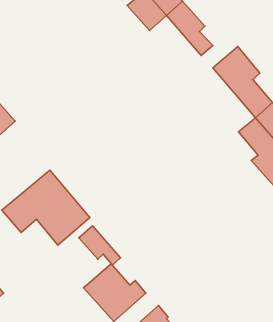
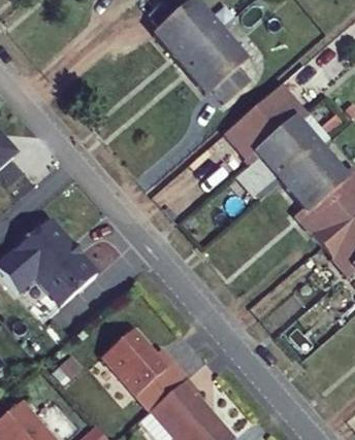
building: none -> [175,42,235,99]
building: none -> [221,103,298,177]
building: [79,226,121,265] -> none

